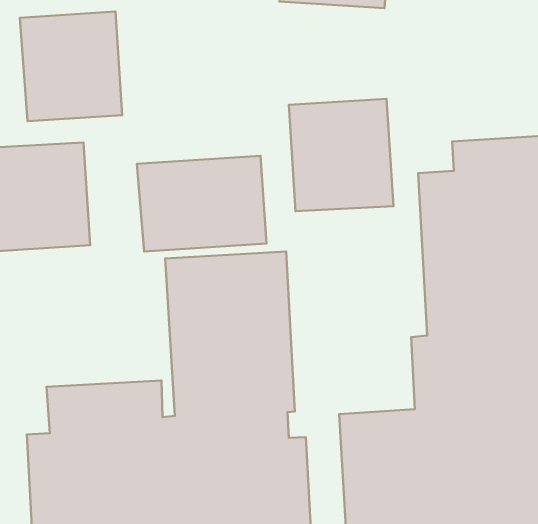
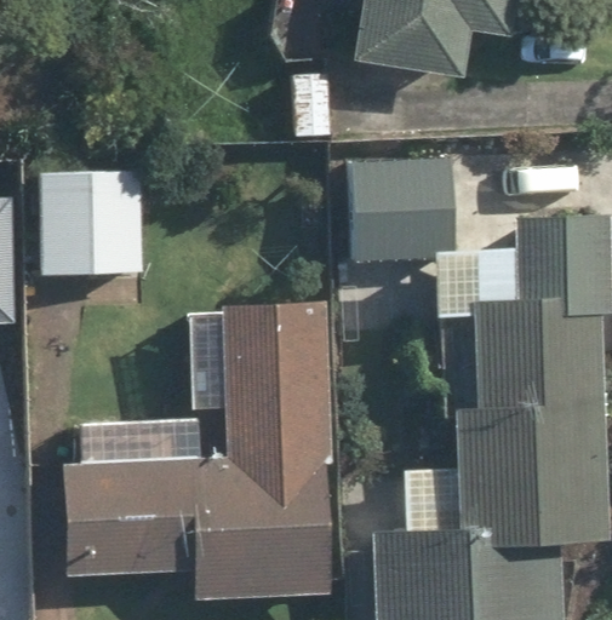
building: [20,12,122,121] -> none
building: [137,156,266,251] -> none

